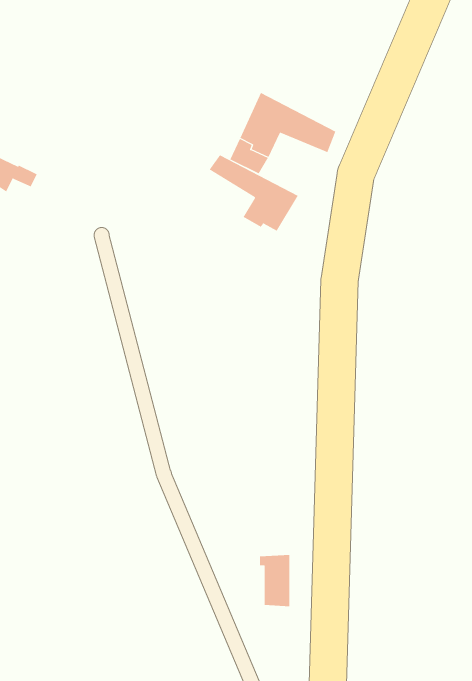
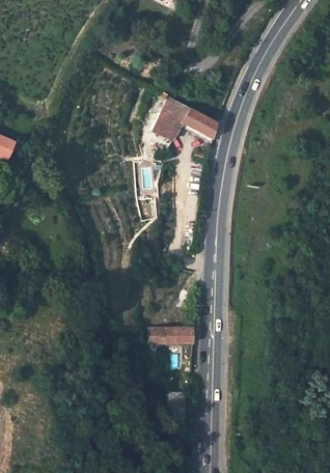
building: [209,154,298,231] -> none
building: none -> [148,325,195,342]

